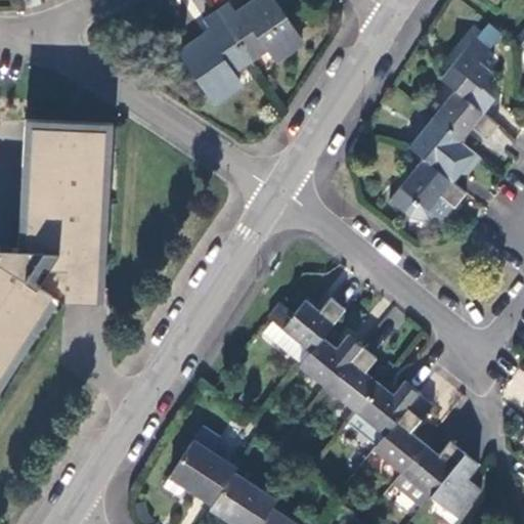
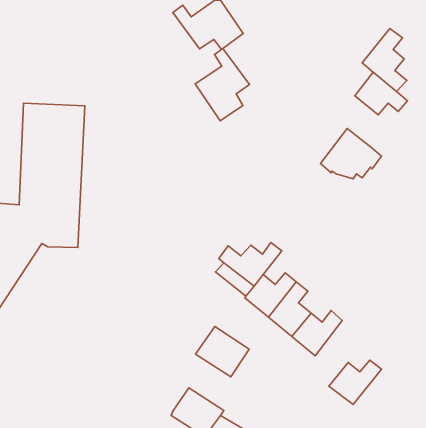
building: [177,16,244,104] -> [195,49,250,121]
building: [409,118,481,180] -> none
building: [374,392,432,472] -> none
building: [168,441,233,503] -> [195,326,249,377]
building: [431,451,482,516] -> none

